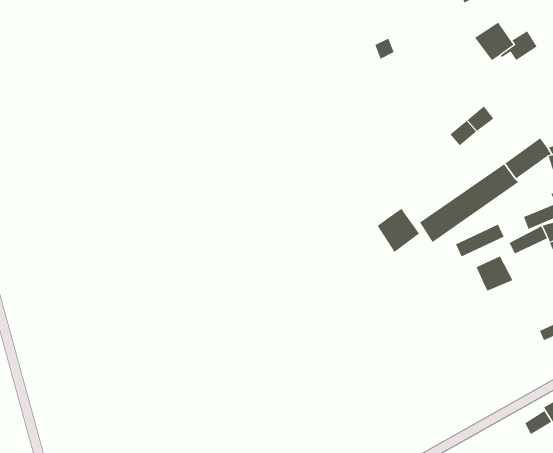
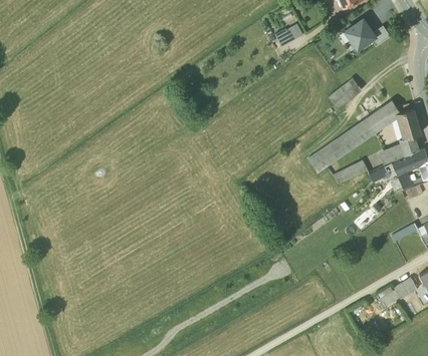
building: [377,208,420,253] -> none
building: [476,255,513,291] -> none

